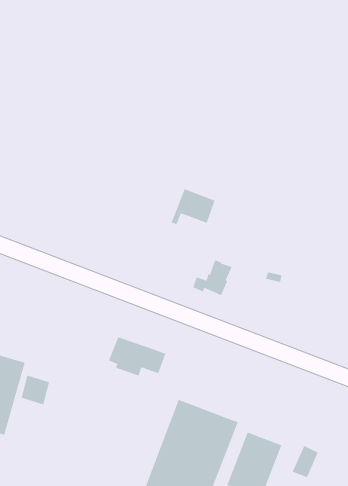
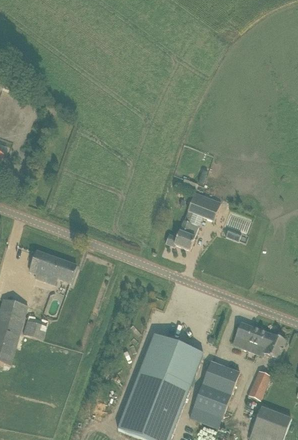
building: [171,188,216,225] -> [183,190,220,220]
building: [108,336,166,376] -> [28,250,76,283]
building: none -> [233,321,286,357]

